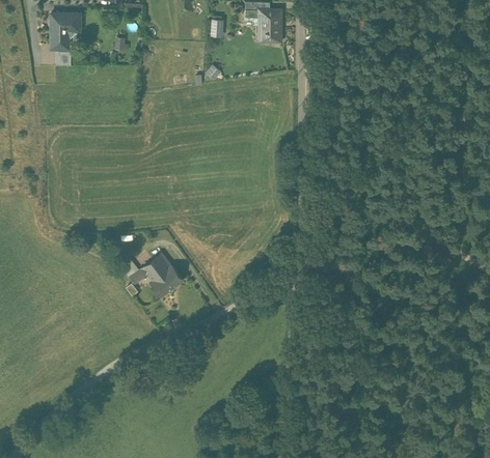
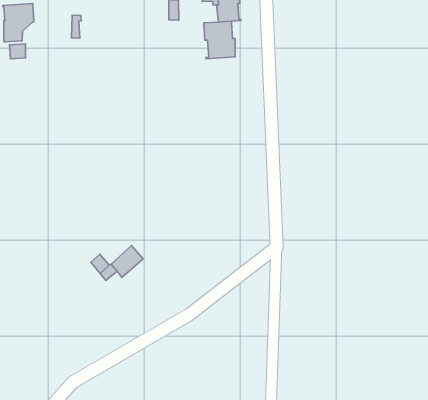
building: none -> [204,21,235,59]
building: [151,265,184,296] -> none

